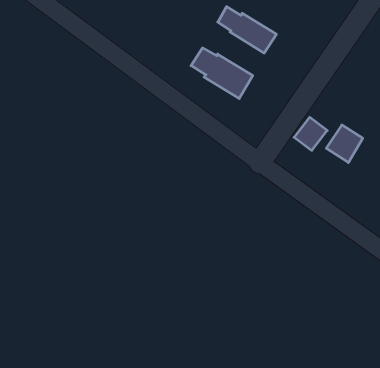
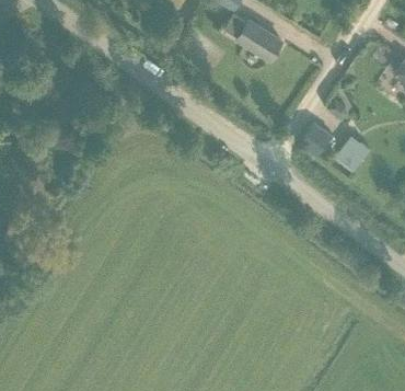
building: [191,48,253,99] -> none

